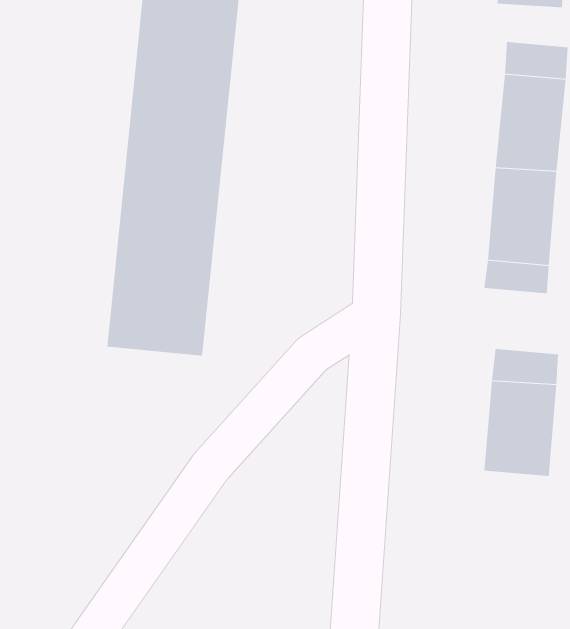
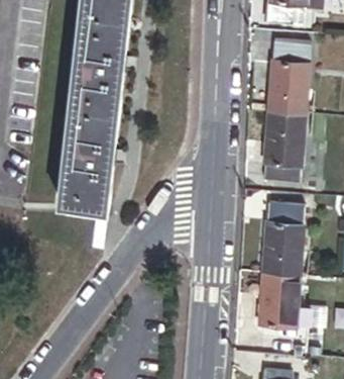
building: none -> [258,271,298,324]

